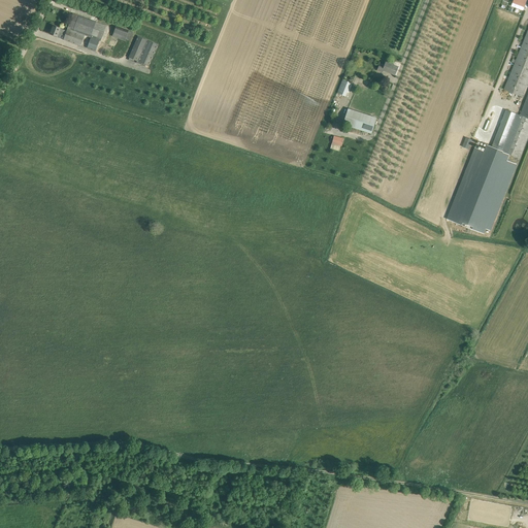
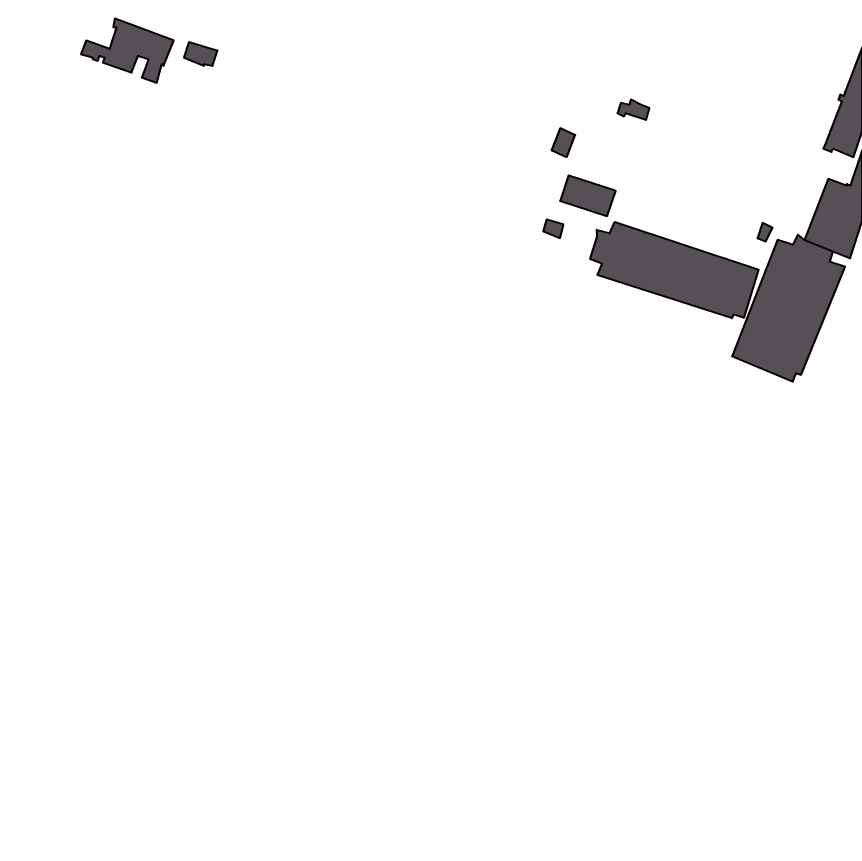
building: [128,35,158,65] -> none
building: none -> [590,222,759,318]

